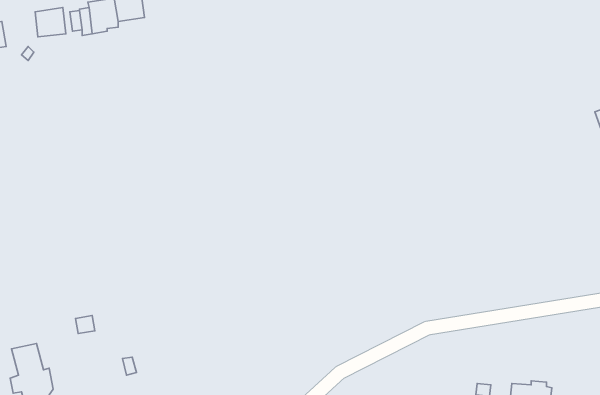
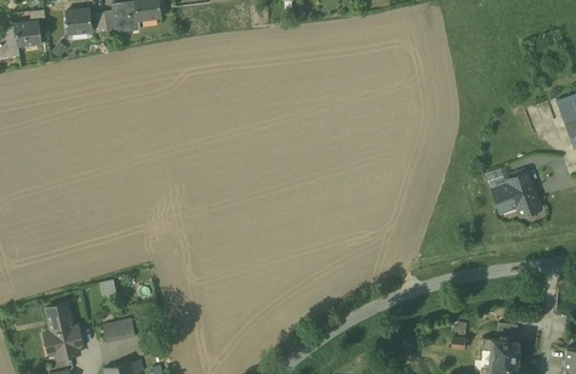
building: none -> [491,174,540,216]
building: none -> [102,318,141,342]

